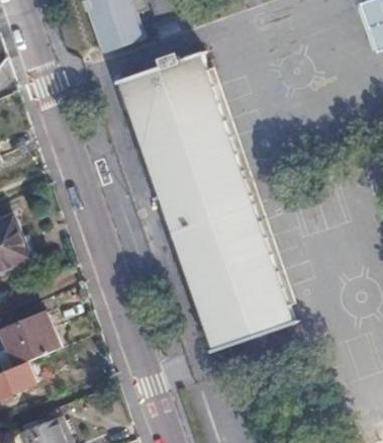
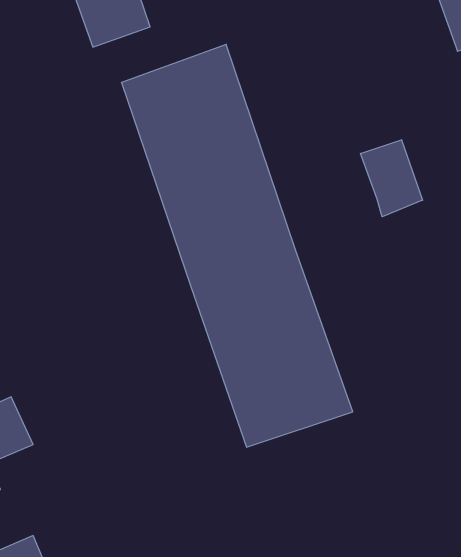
building: none -> [361,140,423,217]

